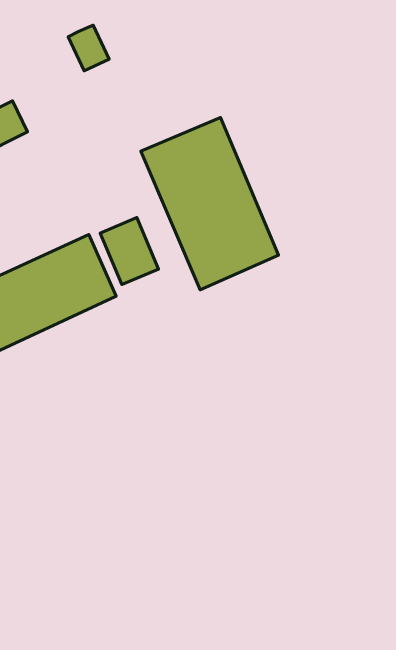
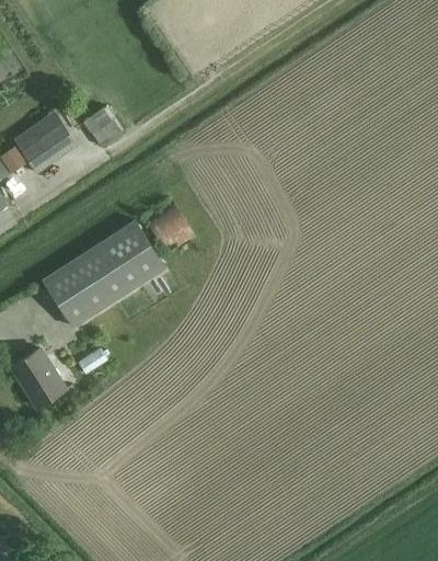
building: [68,25,109,71] -> [84,110,119,147]
building: [141,117,278,290] -> none

